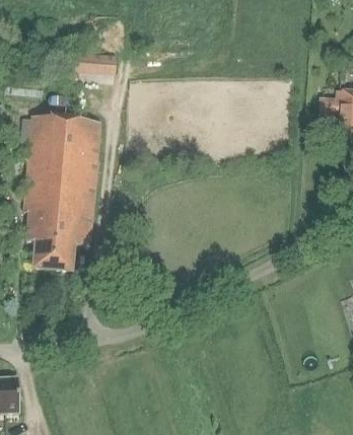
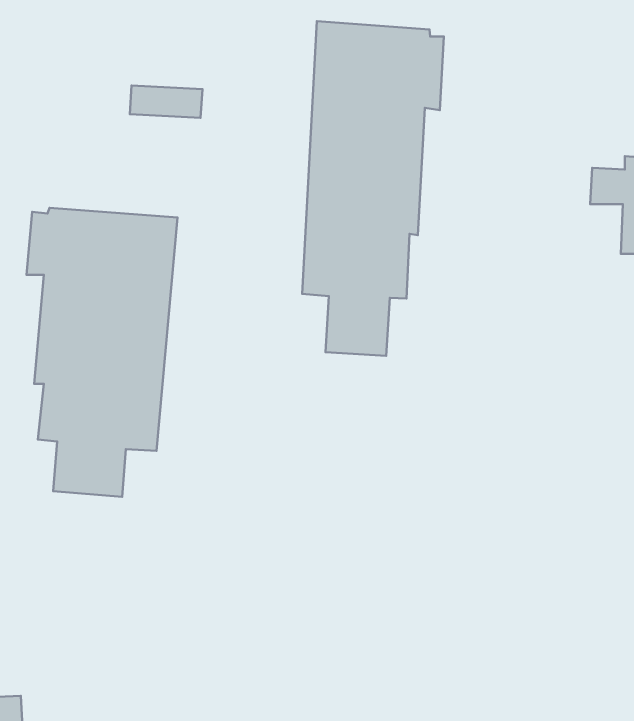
building: none -> [302,21,444,356]

